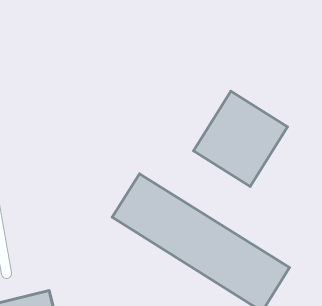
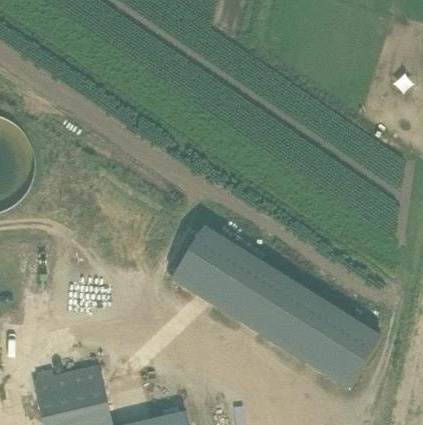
building: [193,91,288,187] -> none

